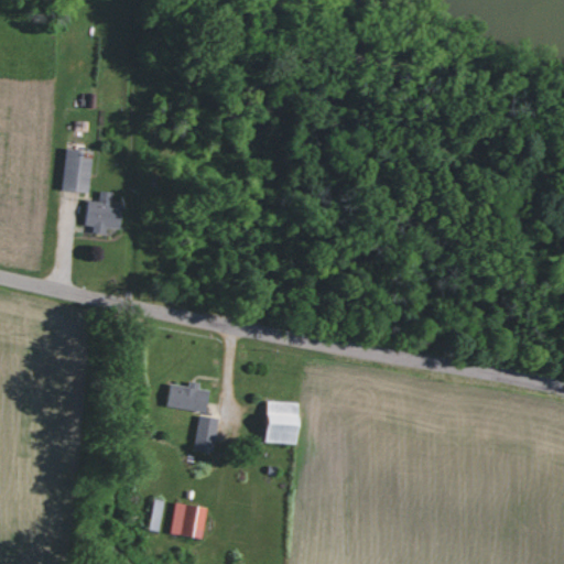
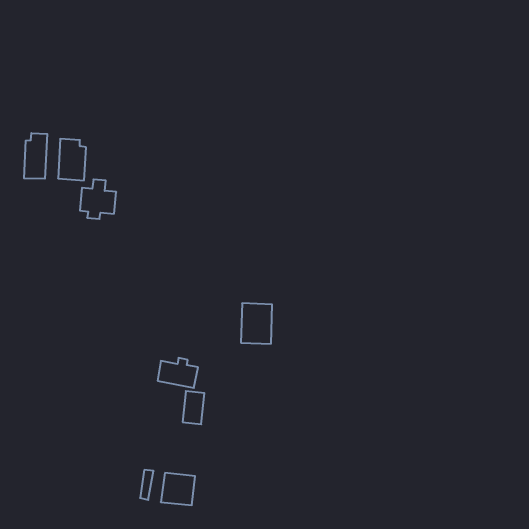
building: none -> [24,133,47,179]
building: [268,401,301,444] -> [241,303,272,344]

